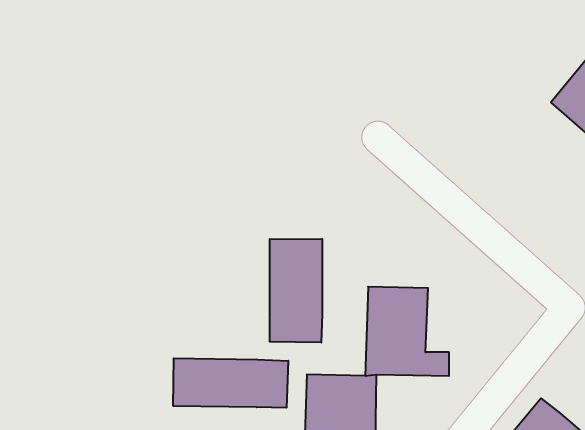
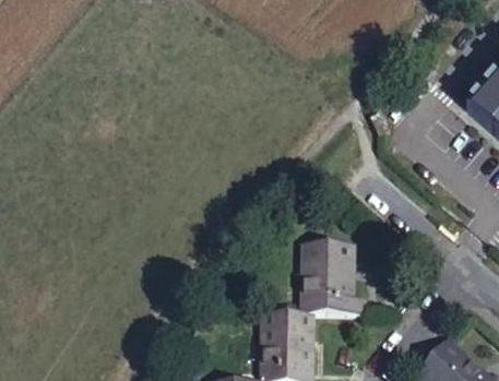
building: [270,239,322,343] -> none
building: [173,358,288,408] -> none

